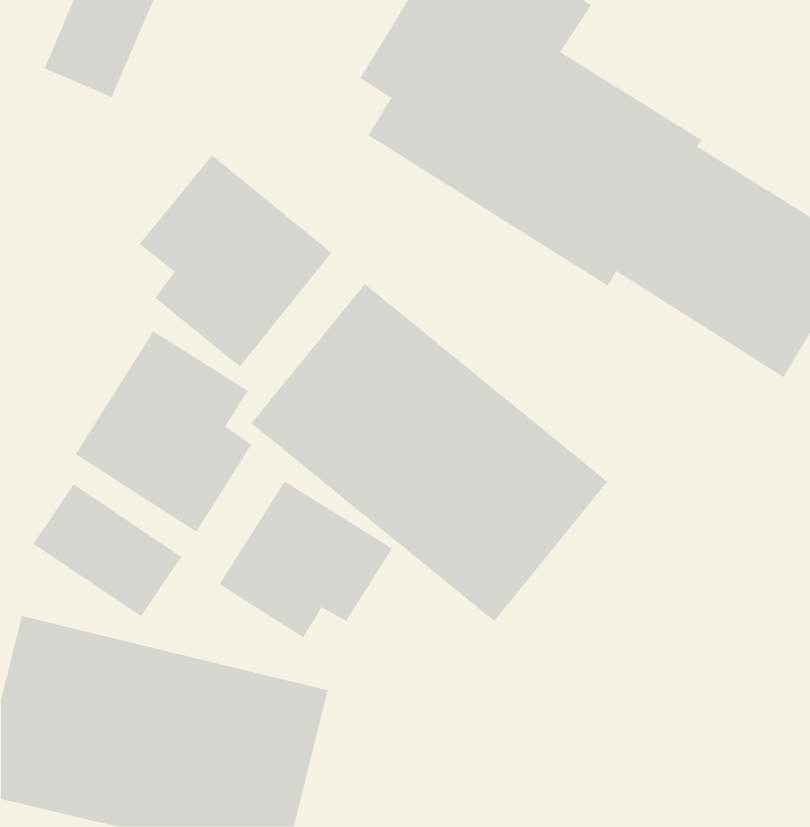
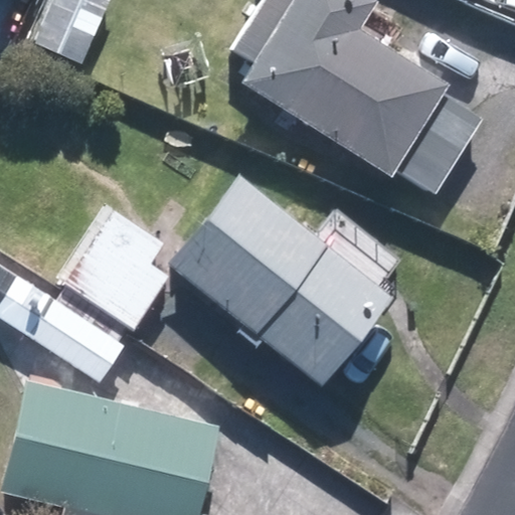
building: [139,155,332,368] -> none
building: [219,481,393,638] -> none

